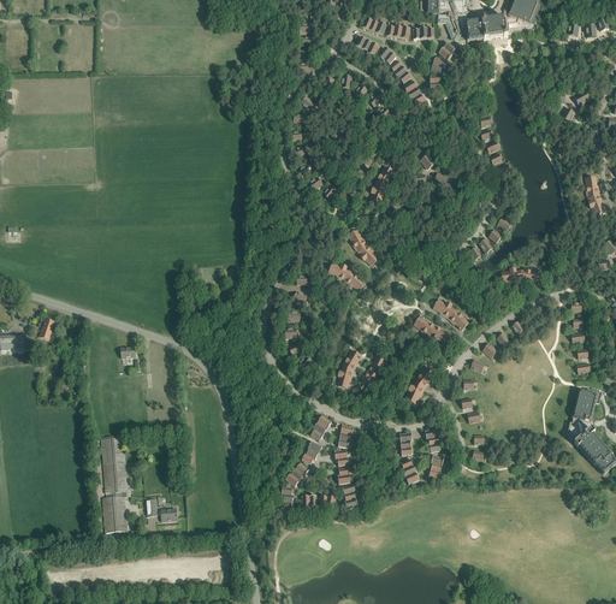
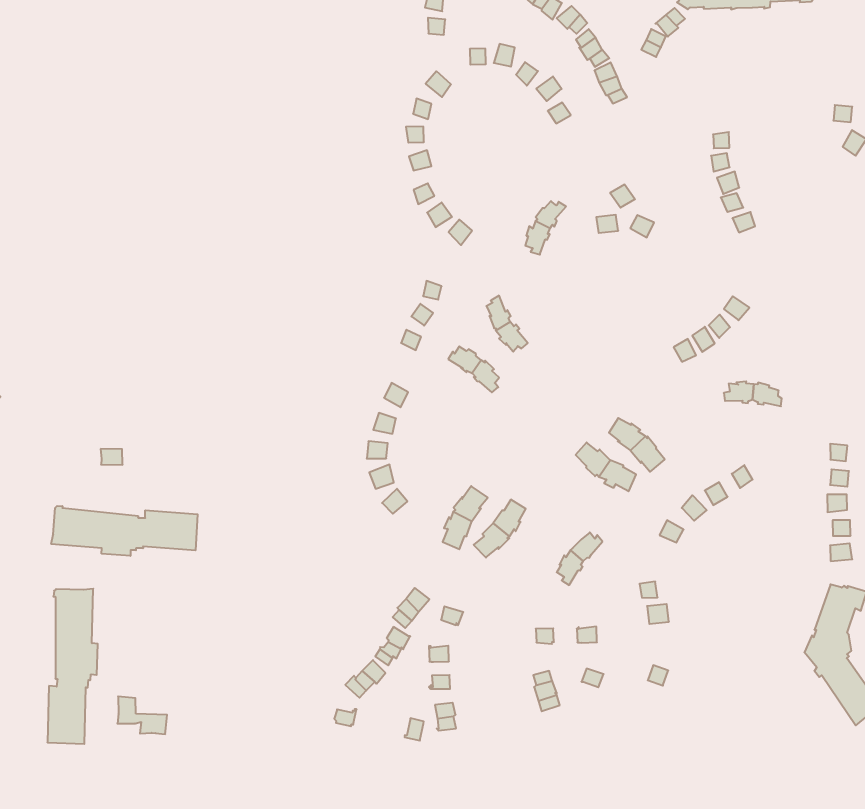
building: none -> [51,506,198,556]

